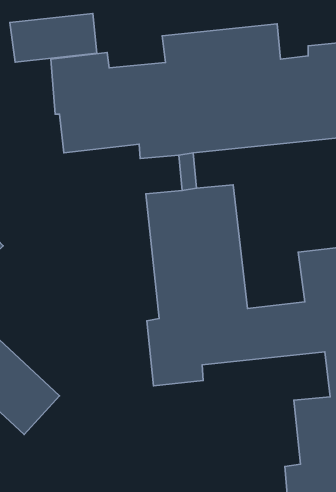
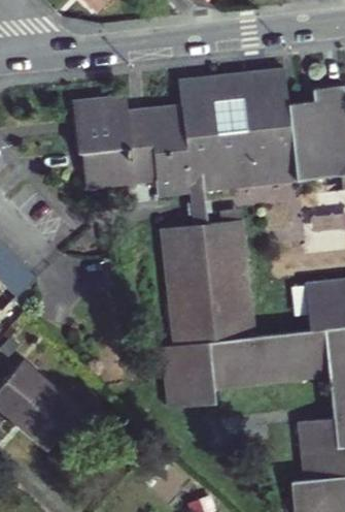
building: [10,14,97,62] -> none

